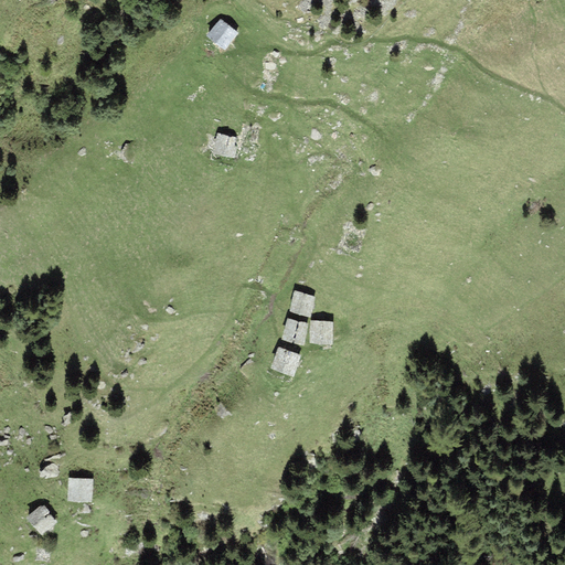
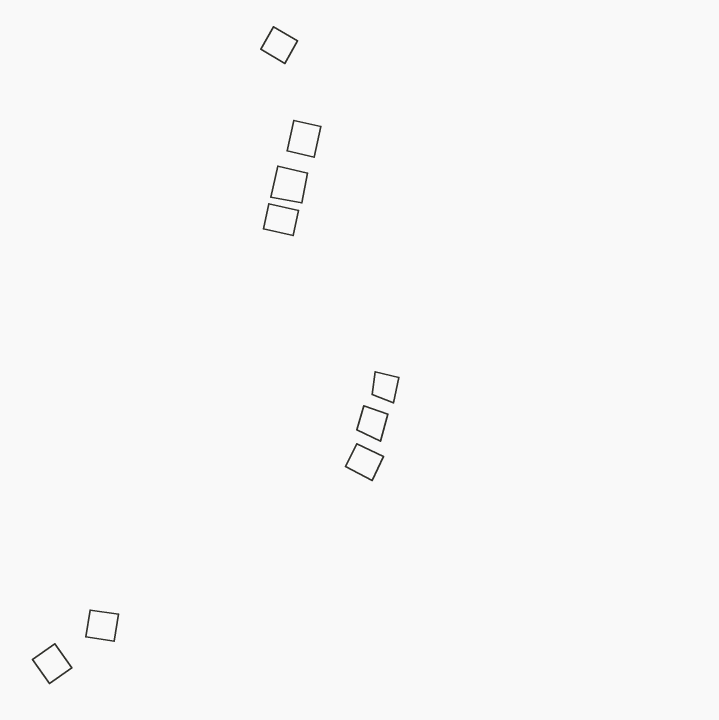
building: none -> [287,120,321,157]
building: none -> [263,204,299,236]
building: [309,319,331,345] -> none

